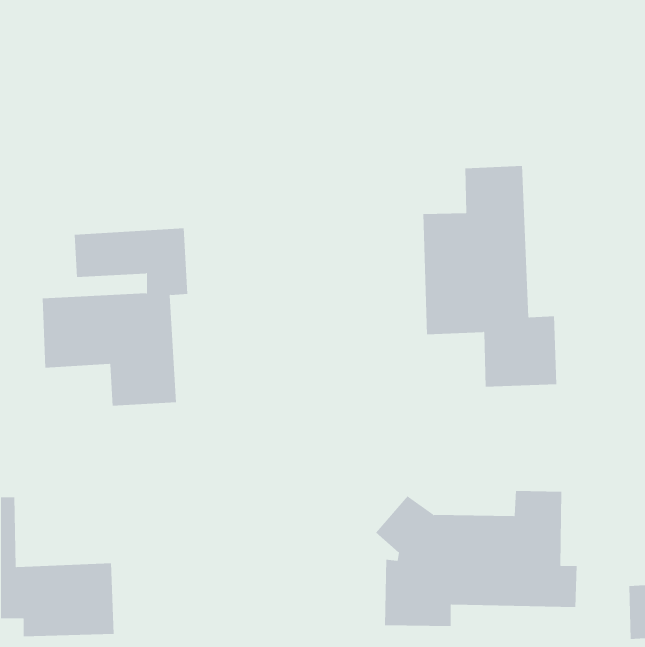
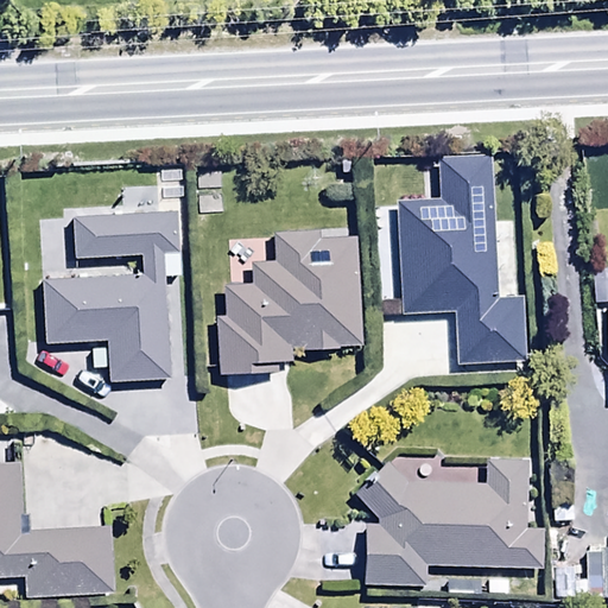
building: none -> [217,228,363,374]

